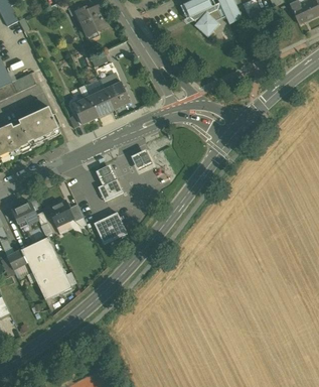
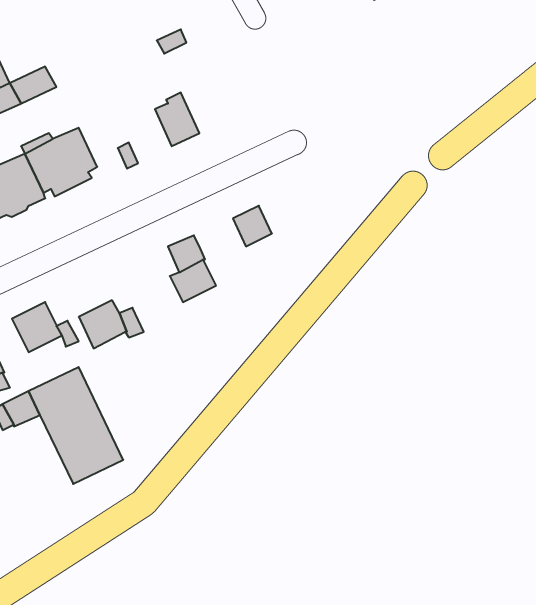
building: [103,80,130,109] -> none
building: [72,94,98,123] -> none
building: [94,212,126,243] -> none

